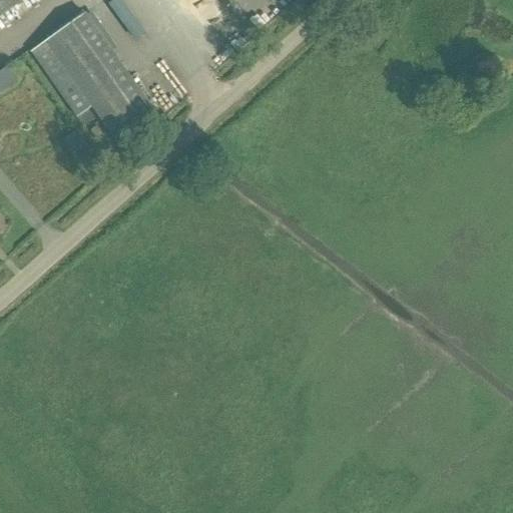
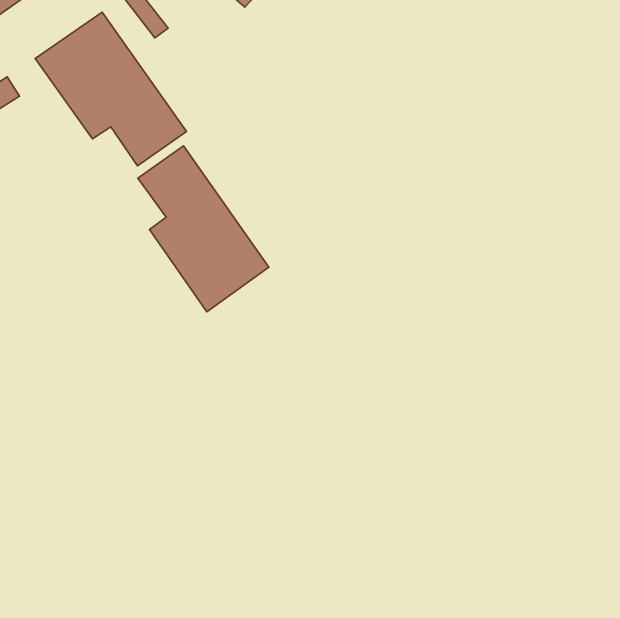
building: none -> [138,146,269,312]

